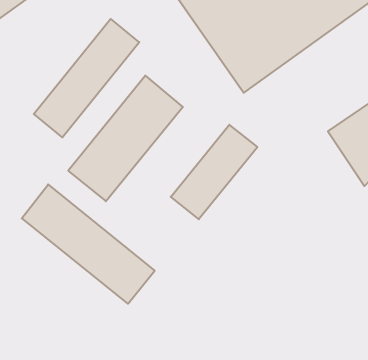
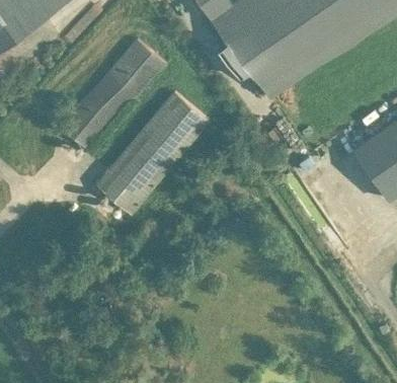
building: [171,125,257,219] -> none
building: [22,184,155,304] -> none

